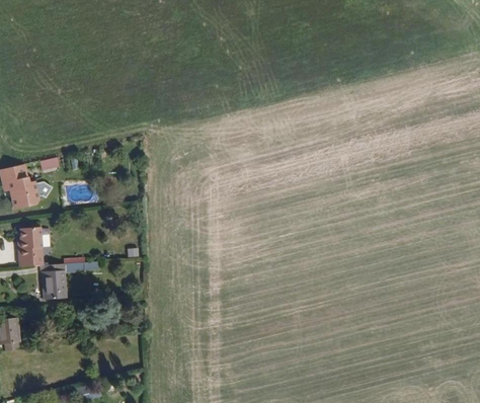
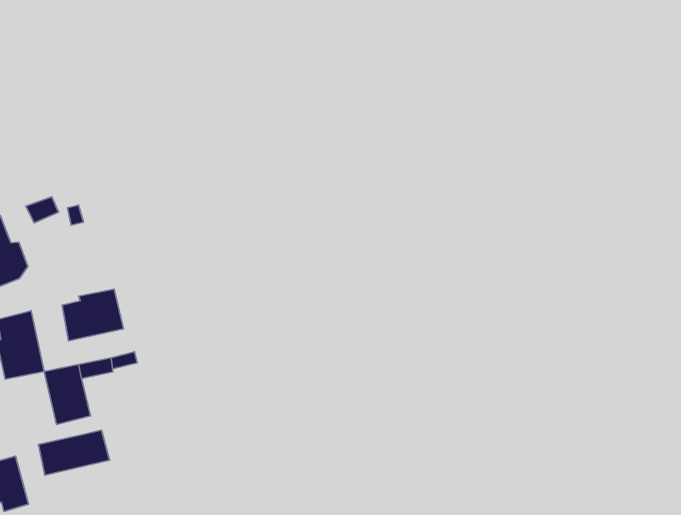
building: none -> [62,289,123,341]
building: none -> [38,430,110,475]

